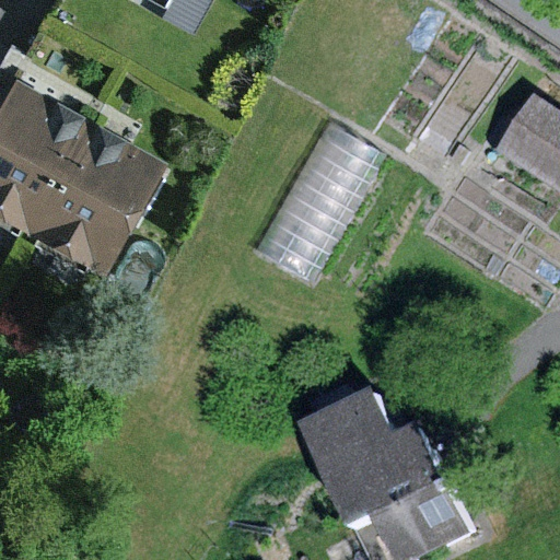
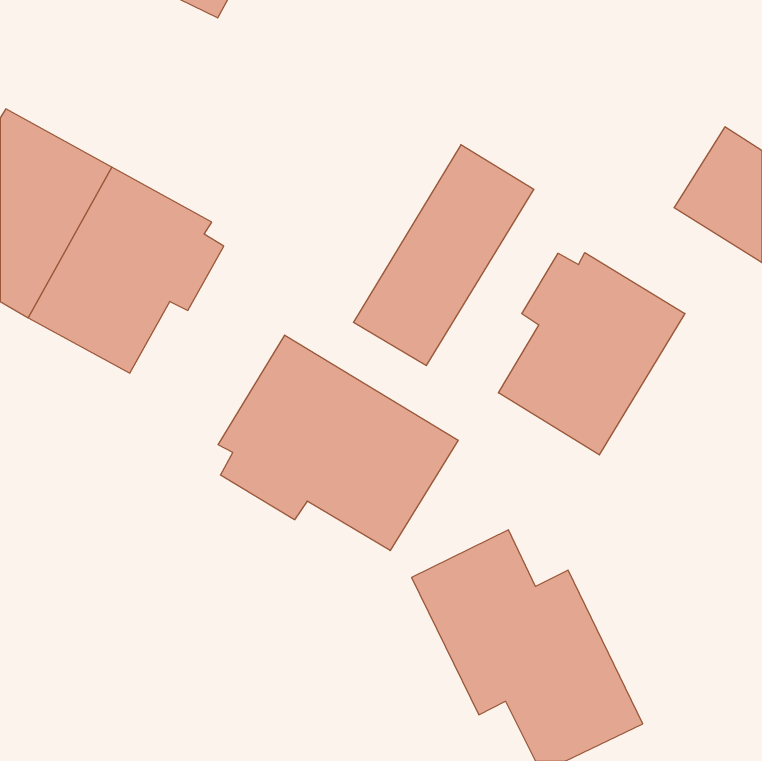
building: none -> [498,253,685,455]
building: none -> [218,335,458,551]

